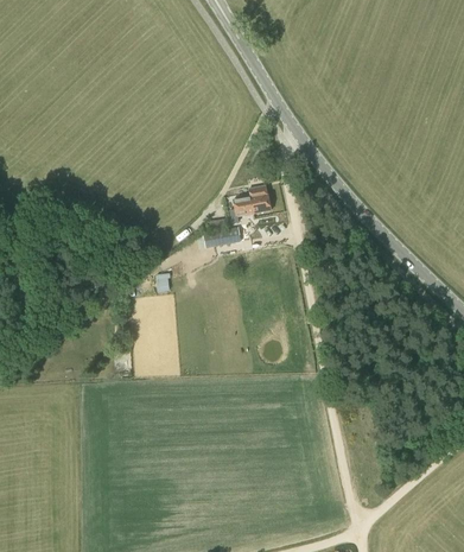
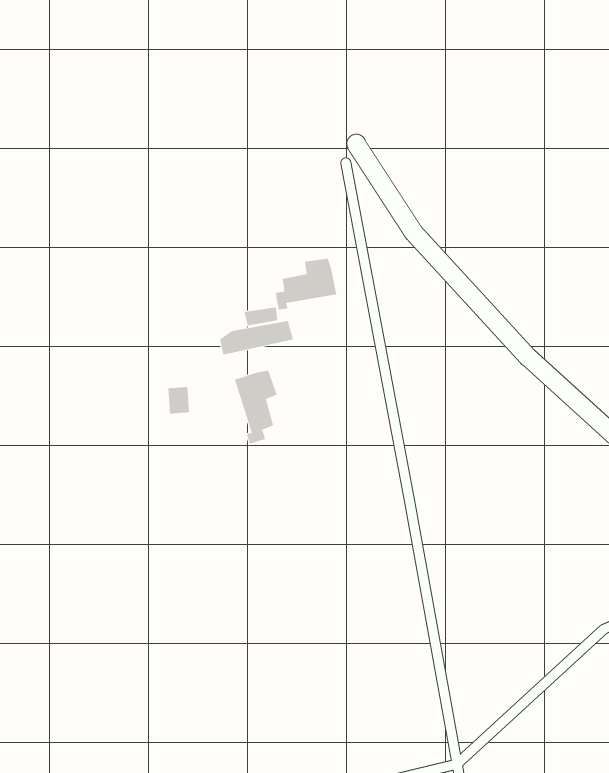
building: none -> [234,370,277,445]

